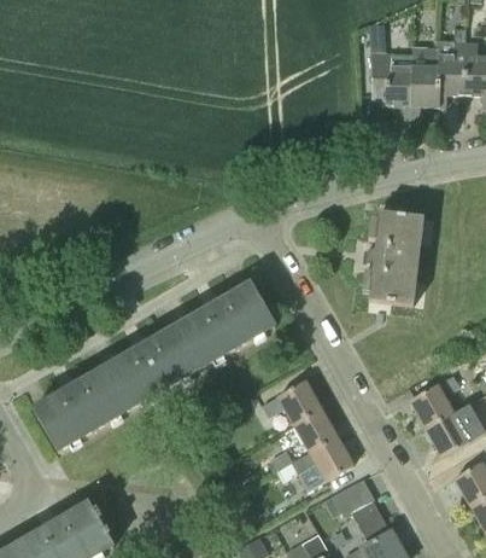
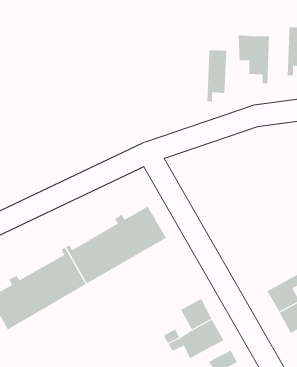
building: [411,47,439,118] -> [207,50,227,102]
building: [368,211,423,304] -> none
building: [260,379,321,424] -> none

